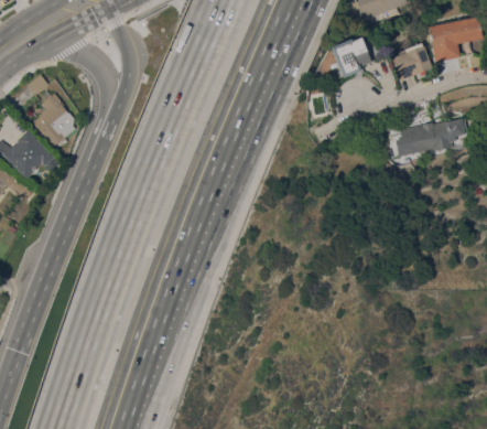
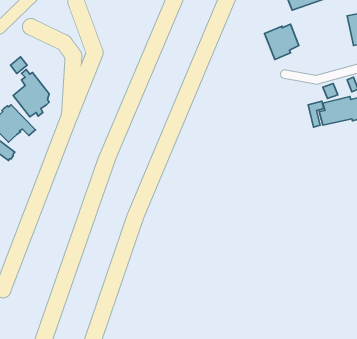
building: [391,43,432,81] -> none

